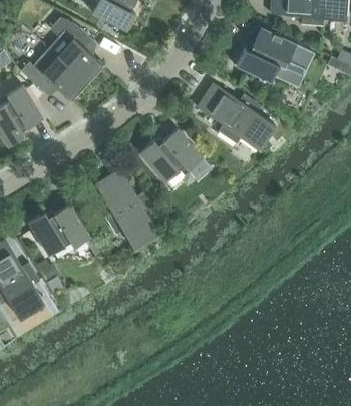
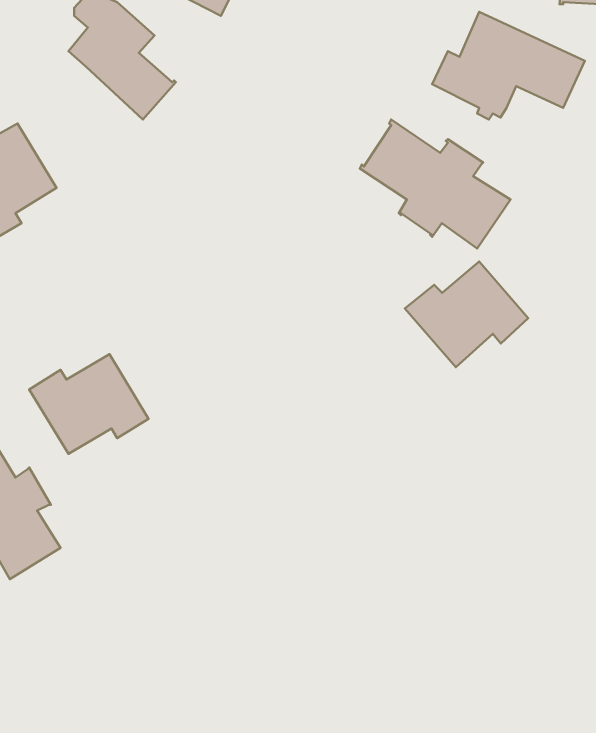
building: [21,49,87,103] -> none
building: [139,129,203,183] -> [405,261,528,367]
building: [96,171,159,250] -> none

